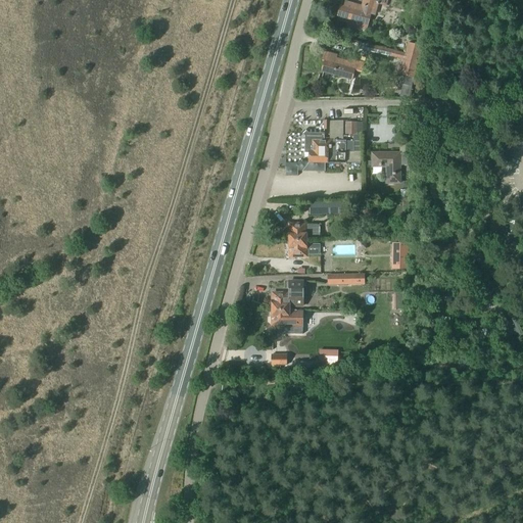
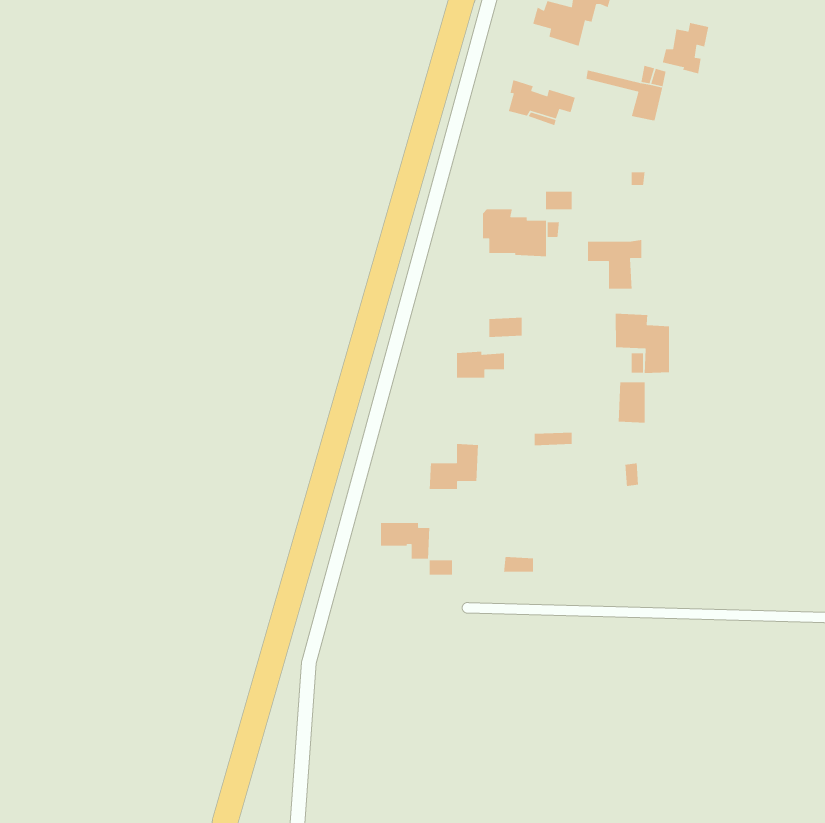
building: none -> [662,22,709,74]
building: none -> [615,313,670,374]
building: [288,239,319,255] -> none
building: [271,310,302,333] -> [380,522,430,559]

